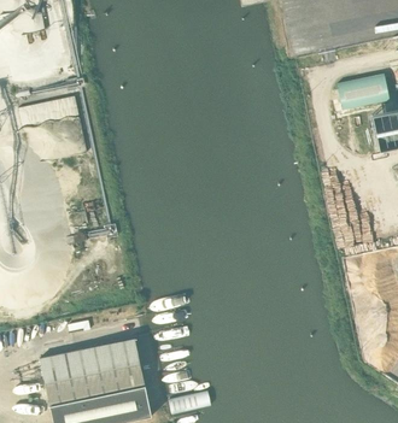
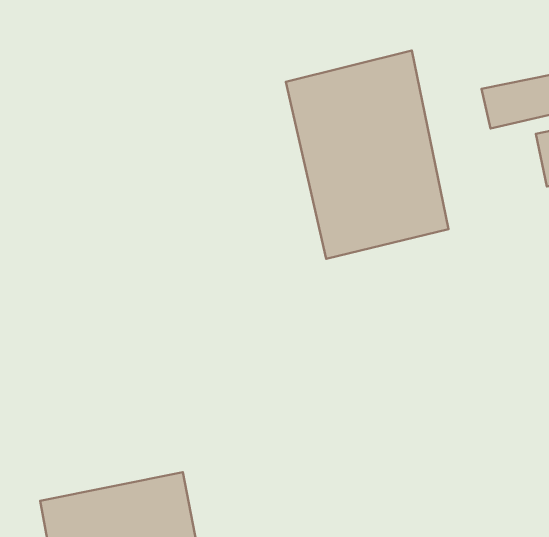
building: none -> [286,51,449,259]

